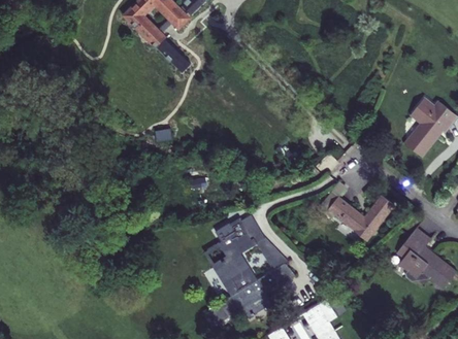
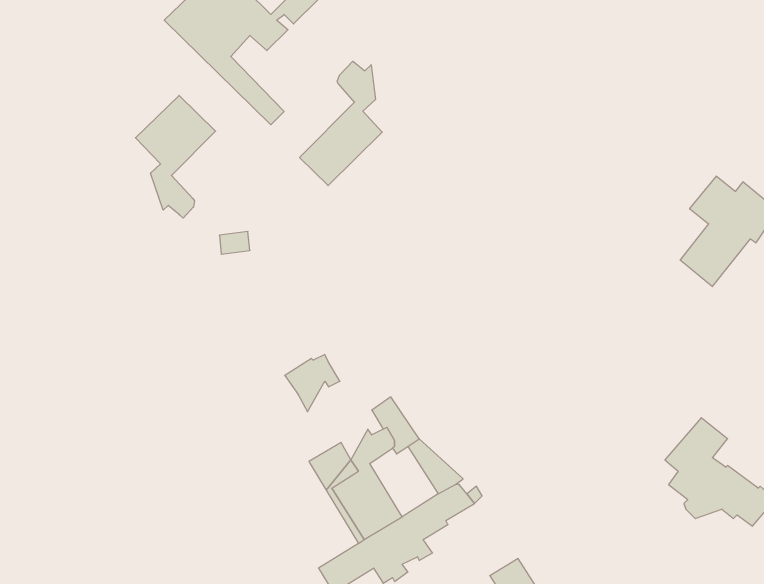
building: none -> [300,61,382,186]
building: none -> [135,95,216,218]
building: [318,183,394,241] -> none
building: [215,221,244,251] -> [285,355,340,412]

